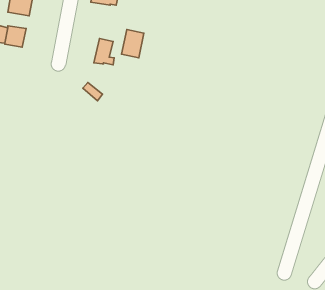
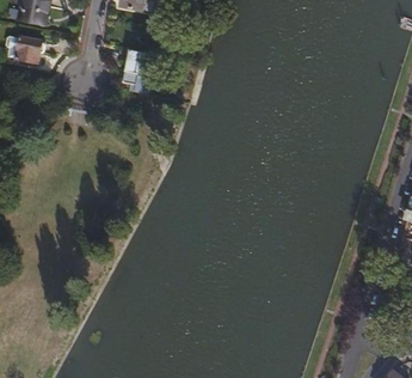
building: [121,30,144,58] -> none

